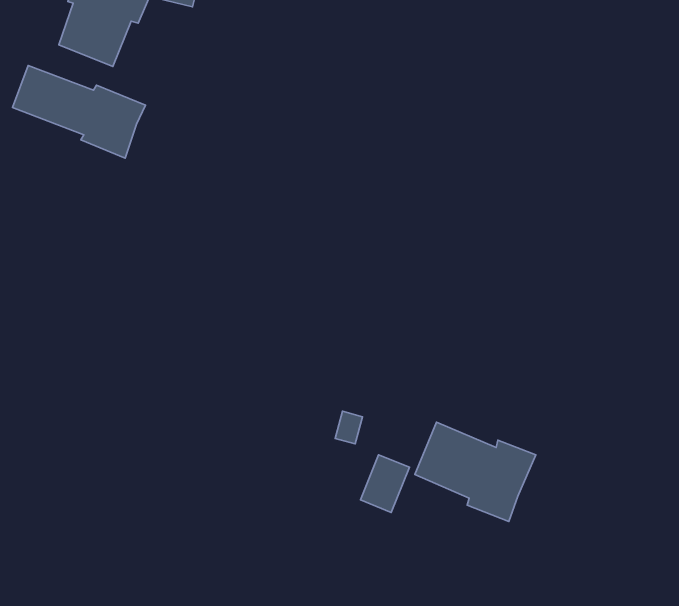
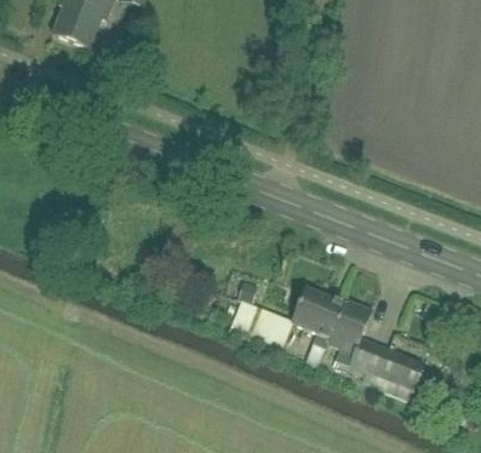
building: [12,66,146,158] -> none
building: none -> [350,337,424,390]

